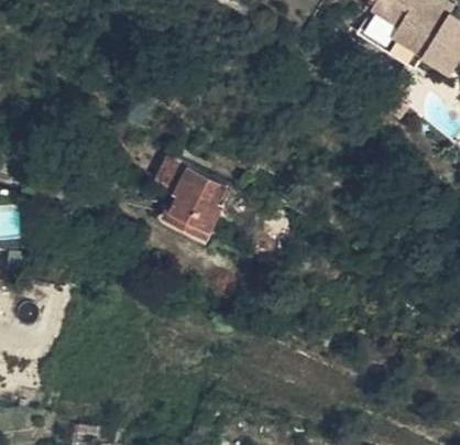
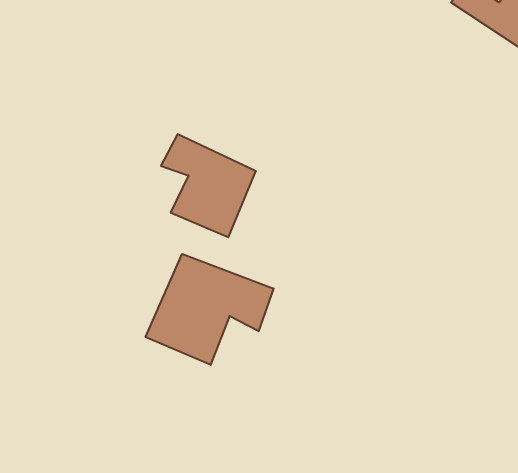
building: none -> [146,254,274,365]

